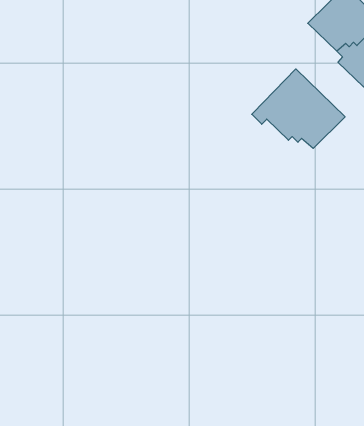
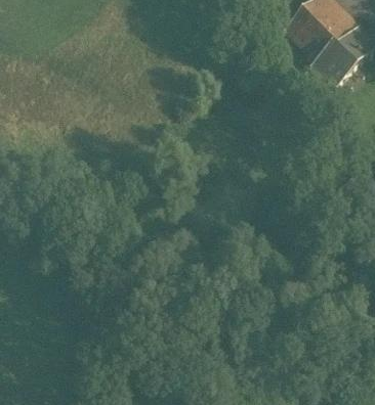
building: [252,69,345,148] -> none

